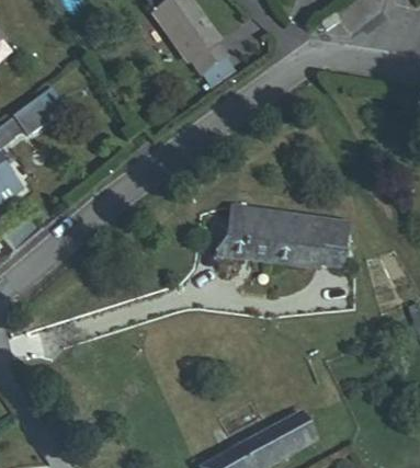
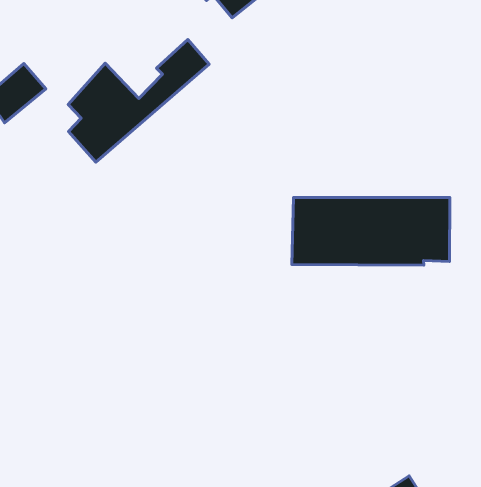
building: none -> [68,40,209,162]

